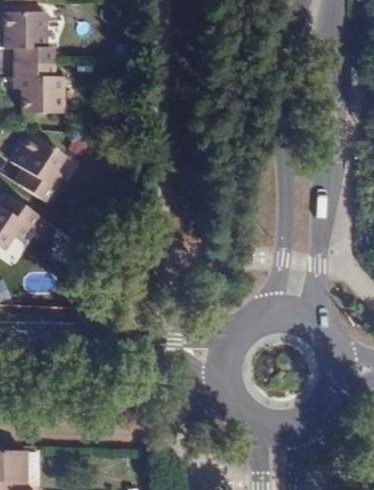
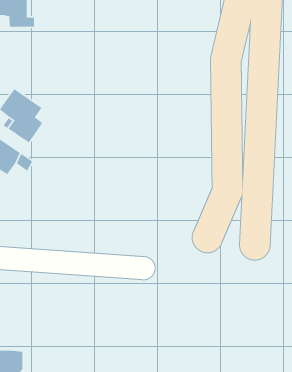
building: [15,62,65,112] -> none

